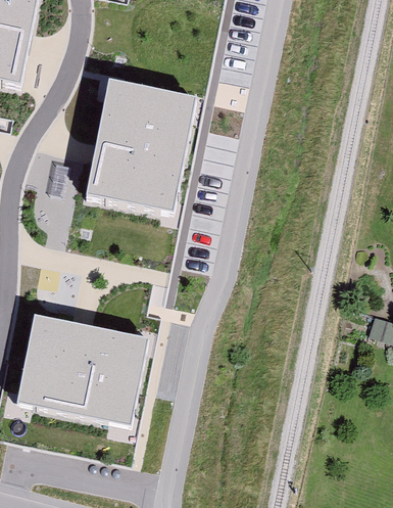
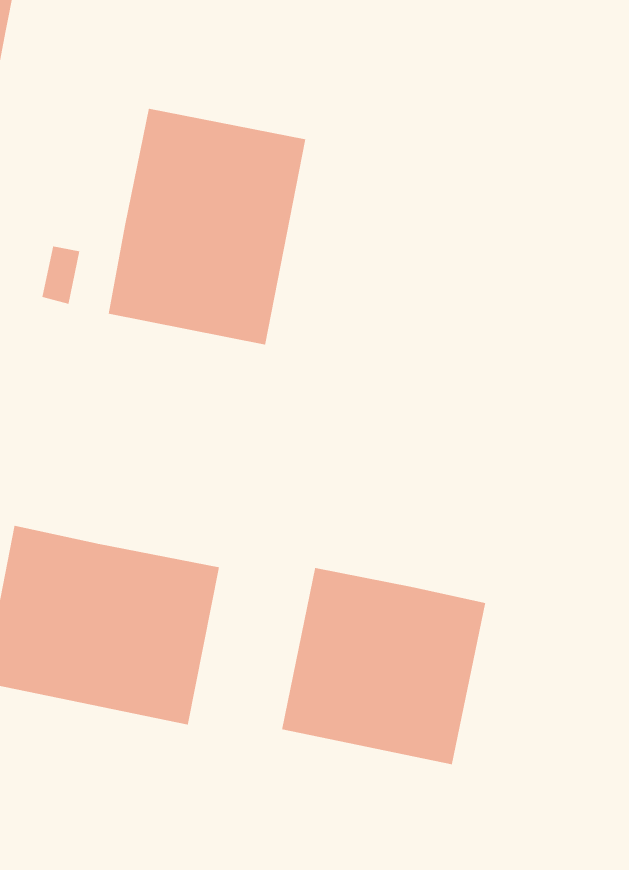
building: none -> [281,567,486,765]

